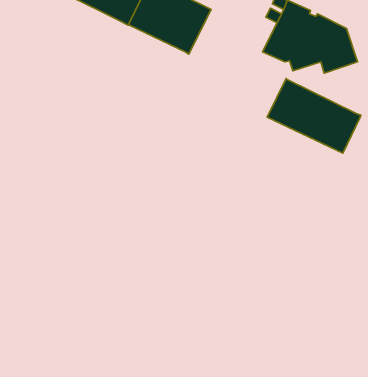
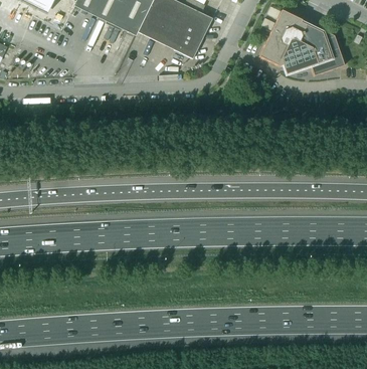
building: [267,79,361,153] -> none

